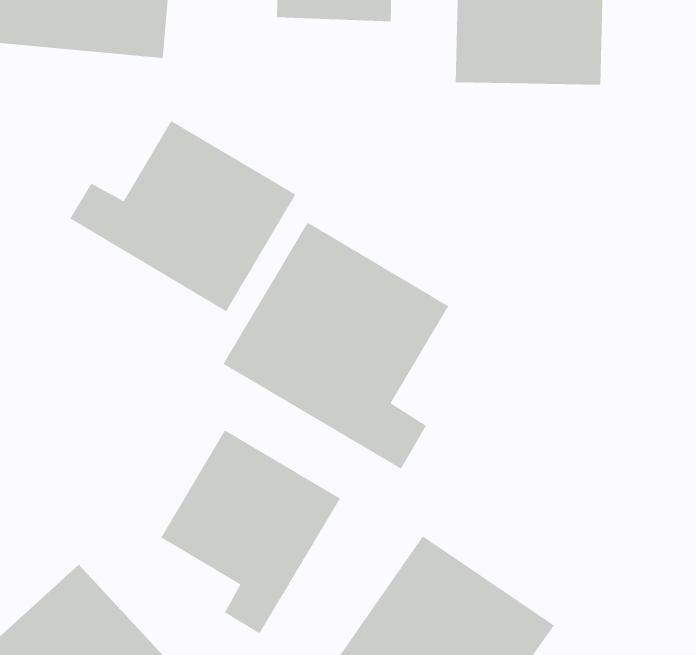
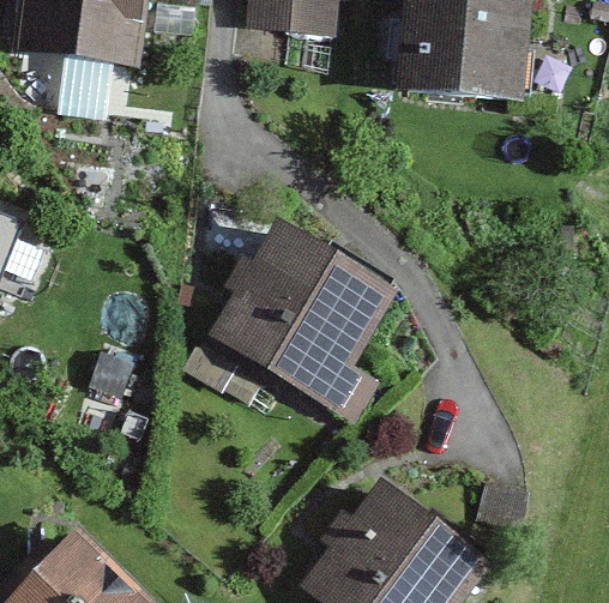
building: [70,120,296,312] -> none
building: [160,429,341,634] -> none

